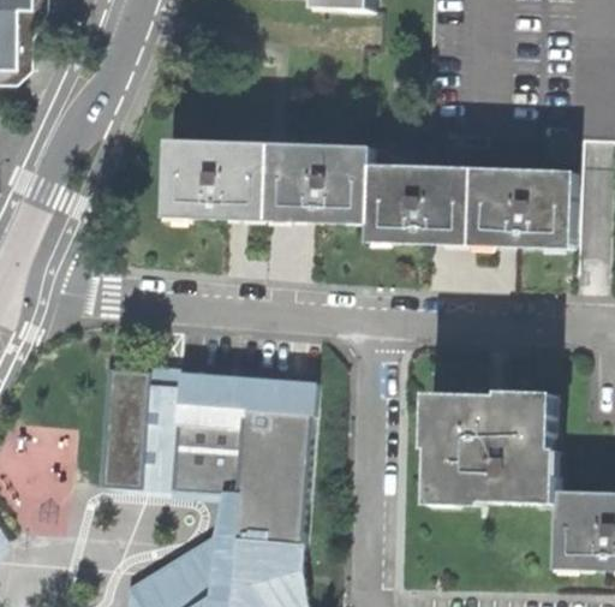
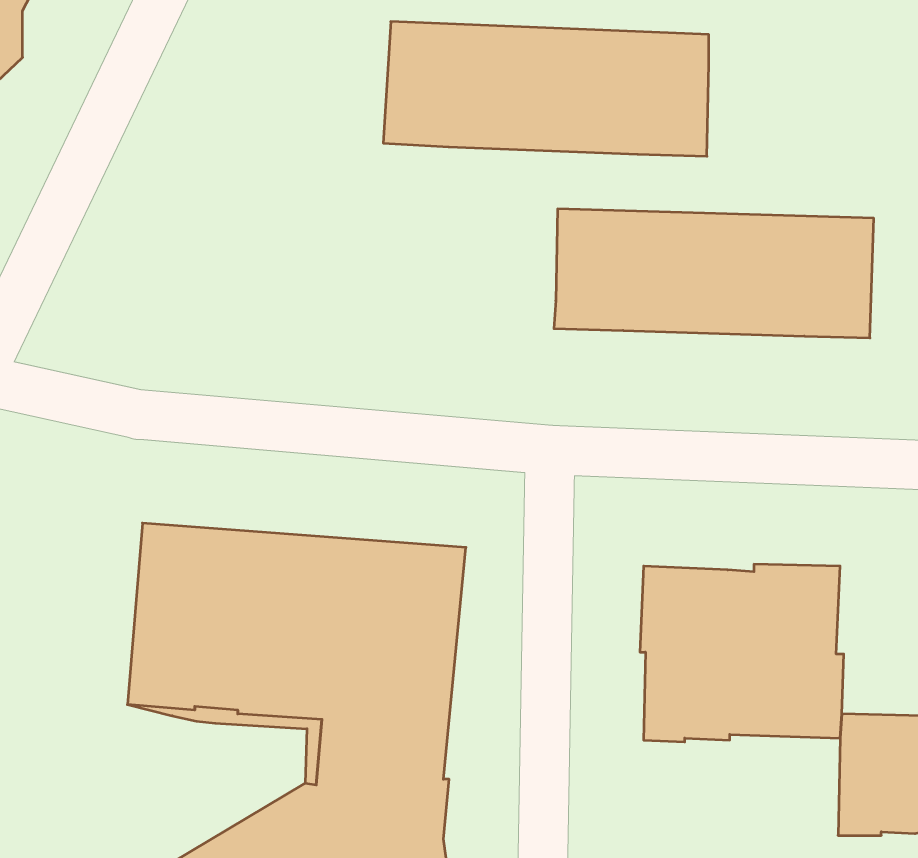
building: [163,137,372,224] -> [383,22,709,156]

